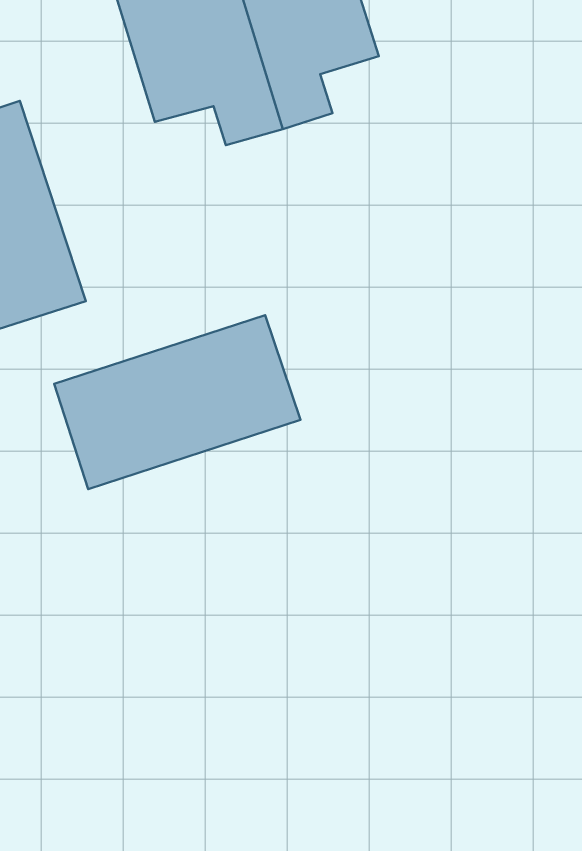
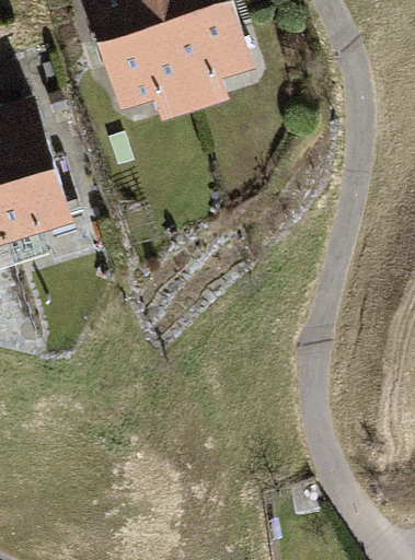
building: [54,315,301,489] -> none

